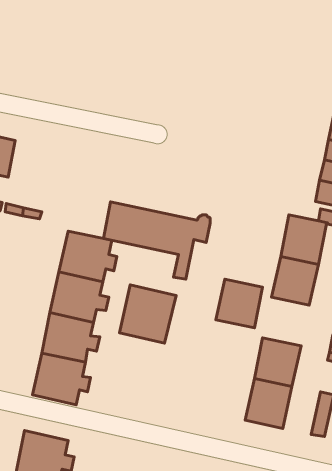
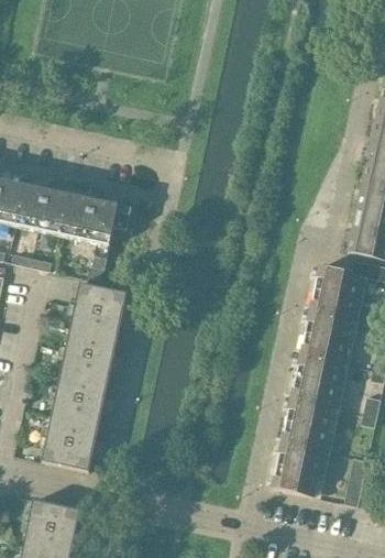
building: [103,202,210,279] -> [16,184,132,267]
building: [216,279,263,328] -> [292,353,342,406]
building: [120,285,176,343] -> none

